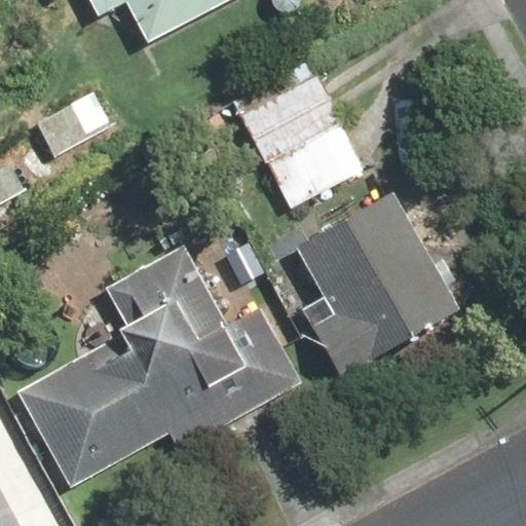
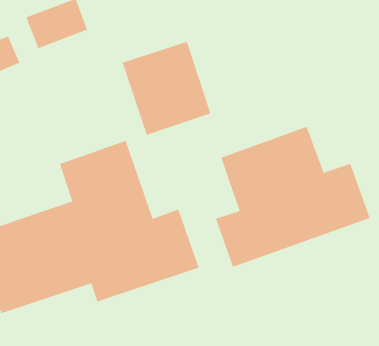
building: [247,85,364,206] -> [122,41,211,136]

